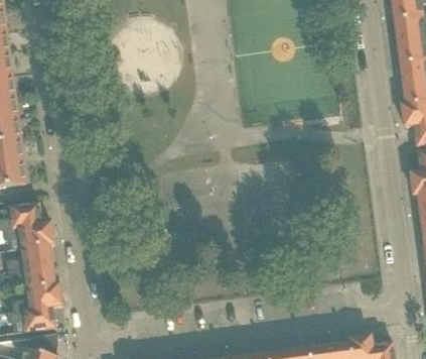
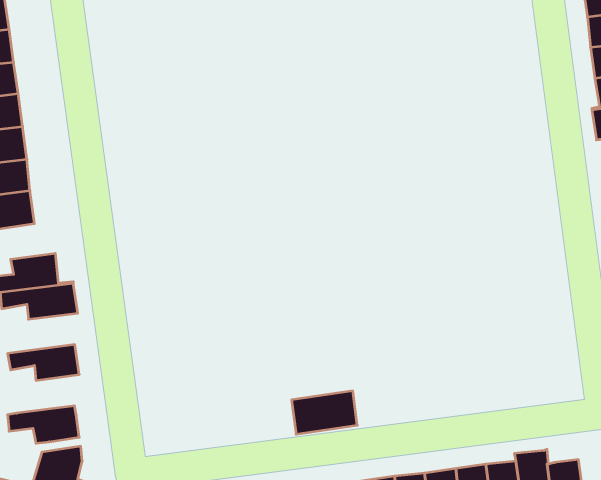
building: [6,243,54,270] -> none
building: [12,283,62,311] -> none

